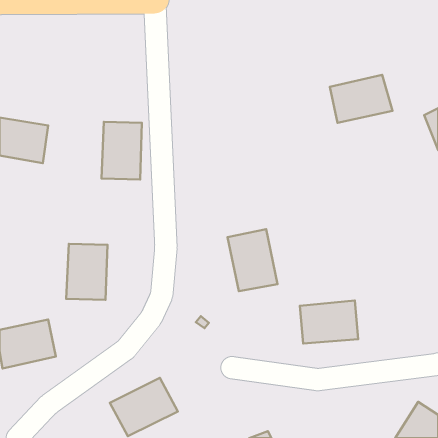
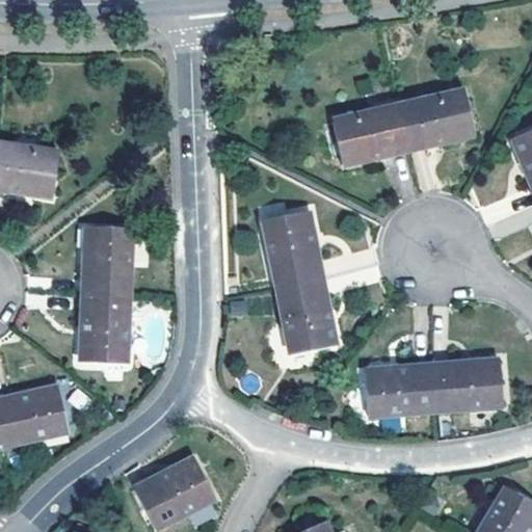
building: none -> [331,105,408,164]
building: [101,122,142,179] -> [83,227,132,296]
building: none -> [262,211,322,287]
building: none -> [429,358,502,410]

